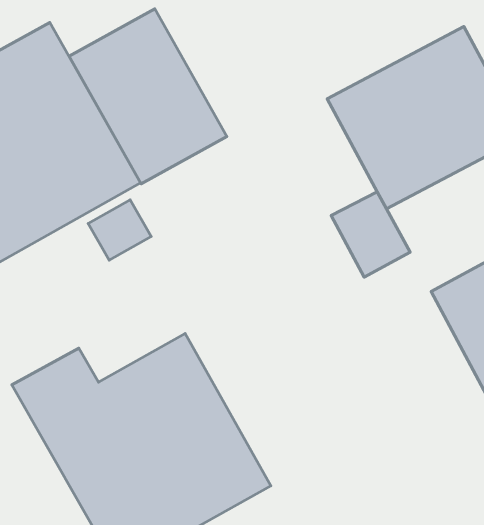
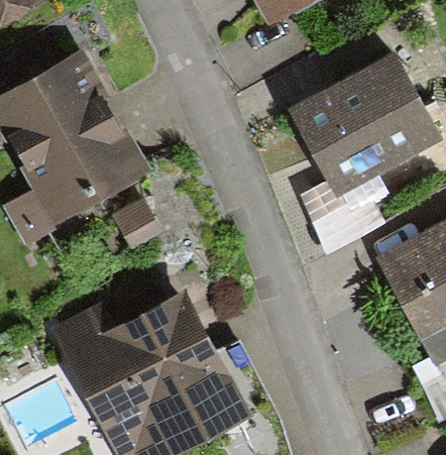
building: [69,9,227,184] -> none

